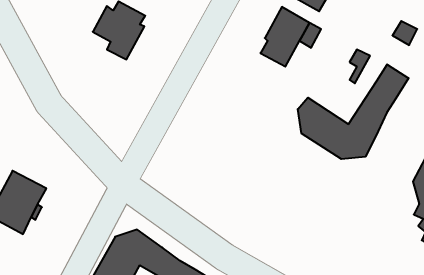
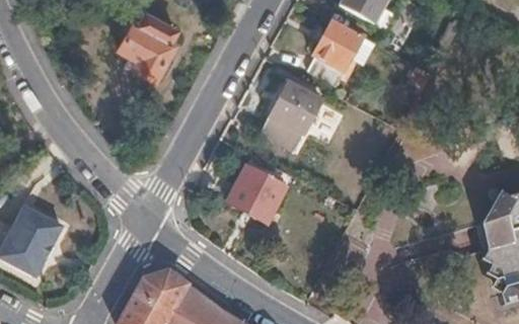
building: none -> [258,80,325,155]
building: [298,64,409,159] -> none
building: none -> [226,165,286,224]

